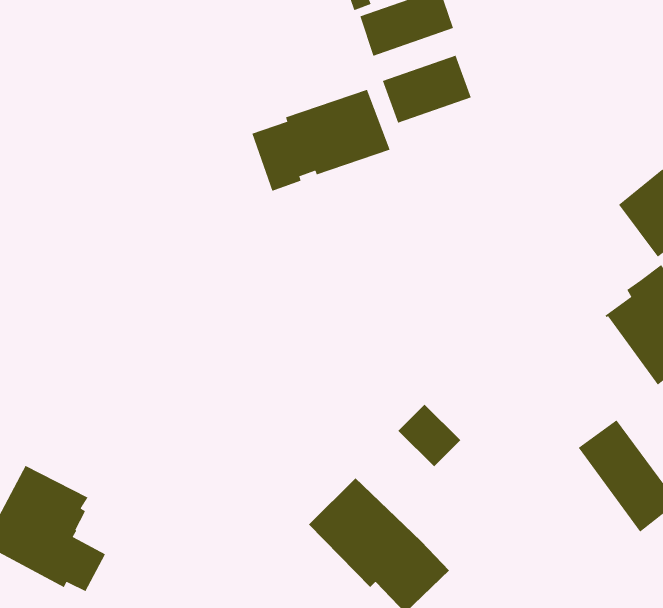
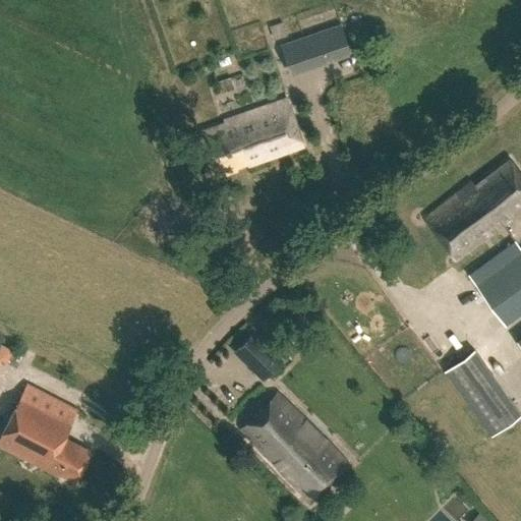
building: [382,55,471,123] -> none
building: none -> [428,184,506,263]
building: [398,404,461,467] -> [236,332,284,380]

